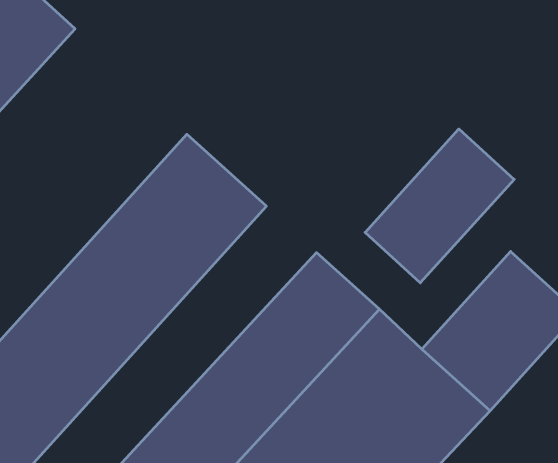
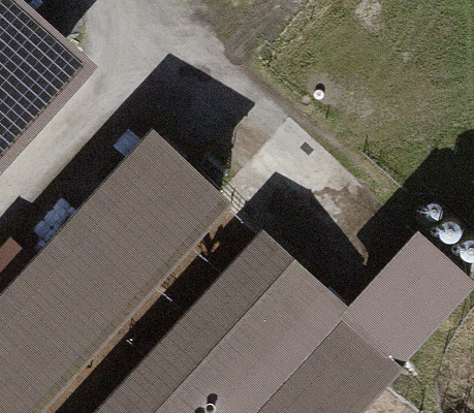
building: [365,129,514,283] -> none

